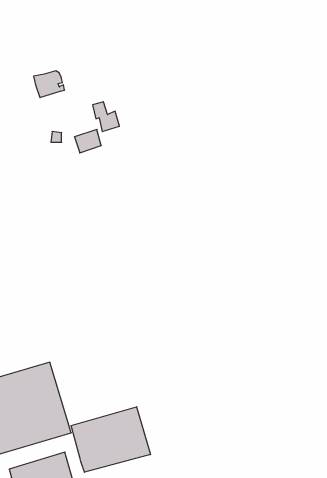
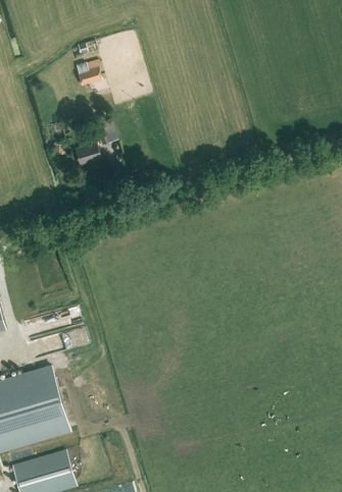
building: [34,71,65,98] -> [76,60,105,86]
building: [71,407,150,472] -> none

